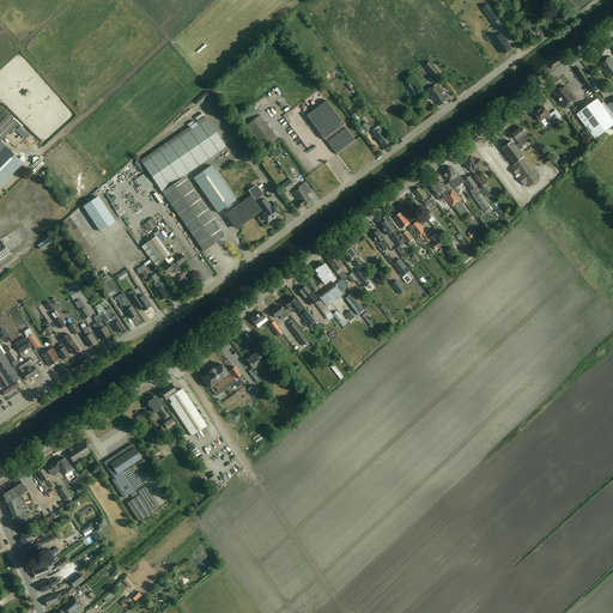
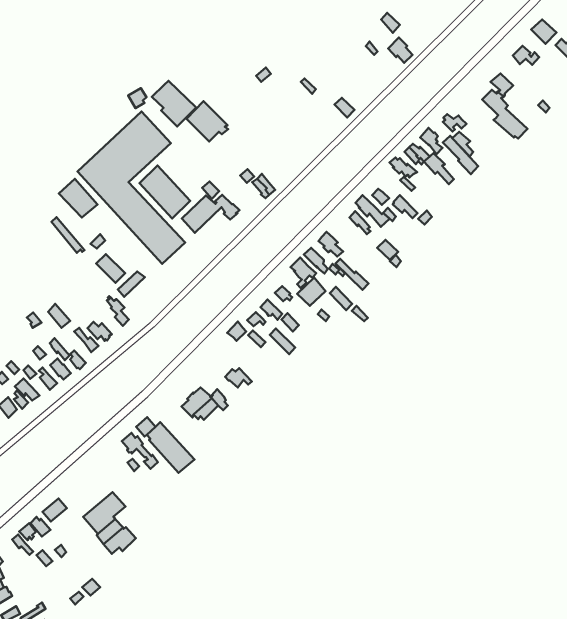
building: none -> [152,81,196,126]
building: [306,99,354,153] -> none
building: [83,195,115,230] -> [59,179,98,218]
building: [127,486,158,520] -> none

